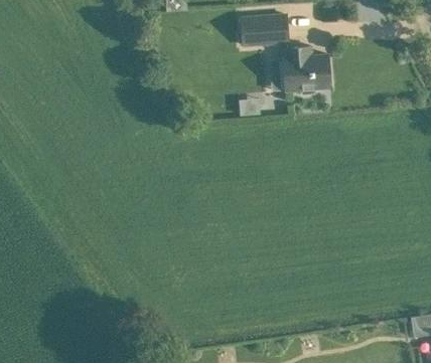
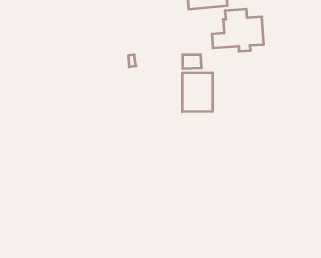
building: none -> [182,73,212,112]

